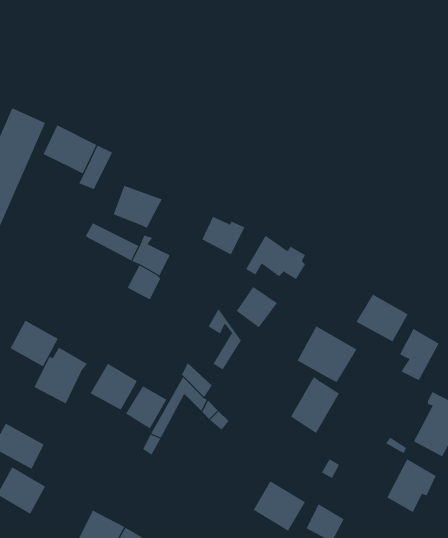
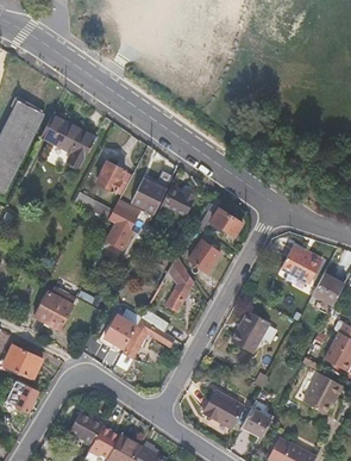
building: none -> [131,173,170,212]
building: [10,320,59,367] -> none
building: [297,325,357,383] -> none
building: [90,363,137,410] -> none

